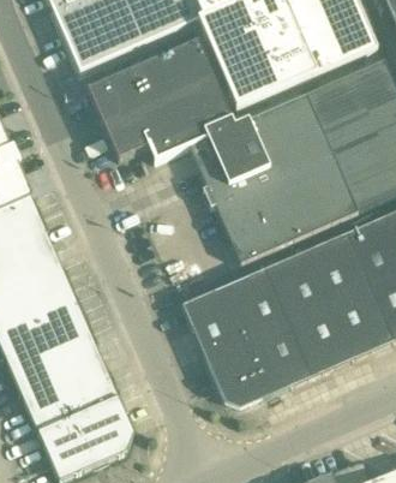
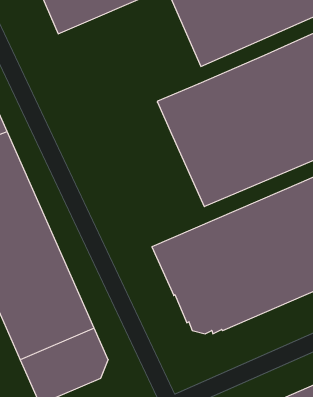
building: [86,40,234,160] -> none

